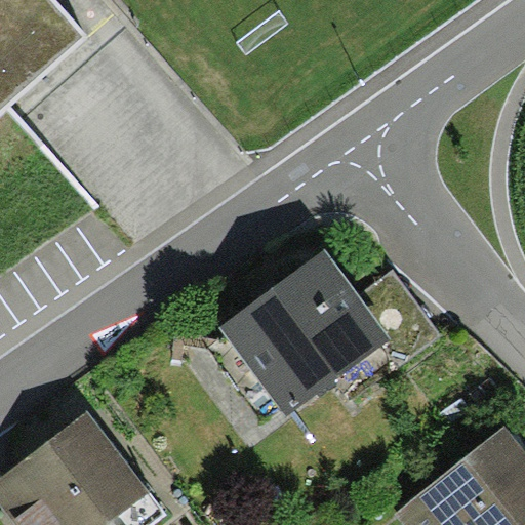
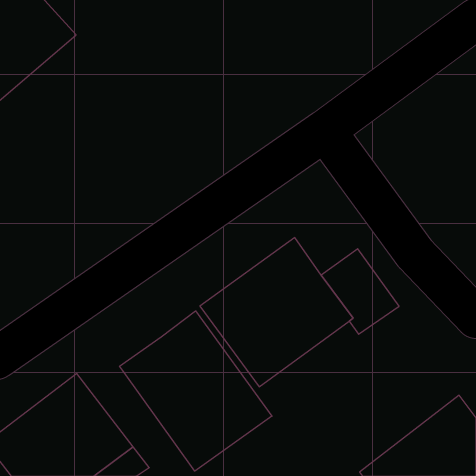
building: none -> [120,311,272,471]

